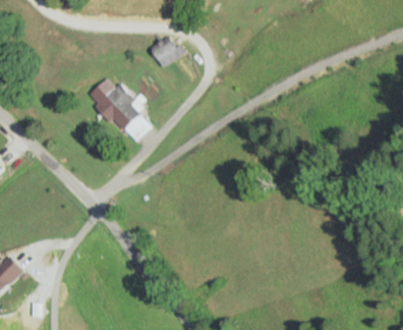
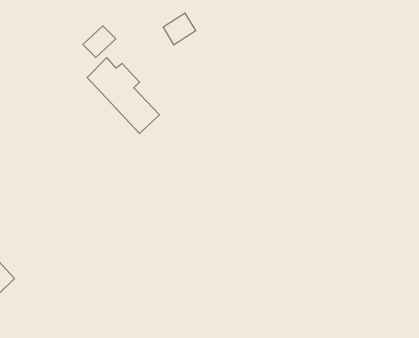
building: none -> [83,26,116,58]

